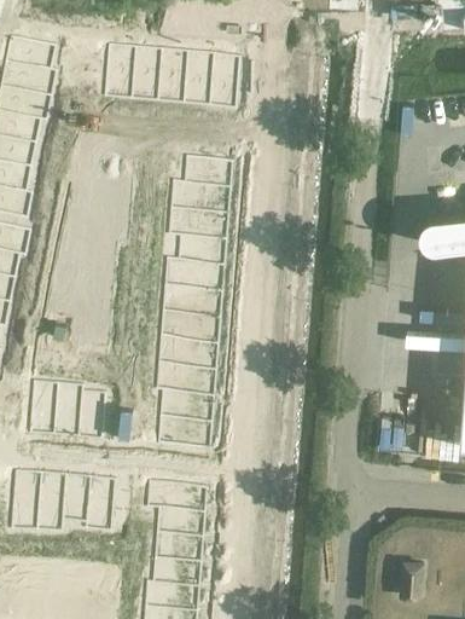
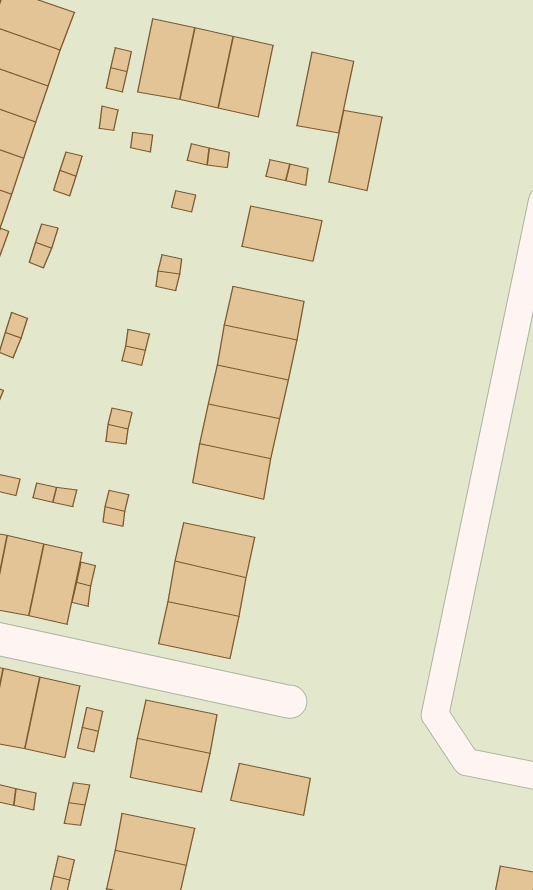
building: [184,52,213,102] -> [329,110,382,191]
building: [181,184,231,214] -> none
building: [169,340,219,370] -> none
building: [153,534,203,562] -> [231,764,310,815]

